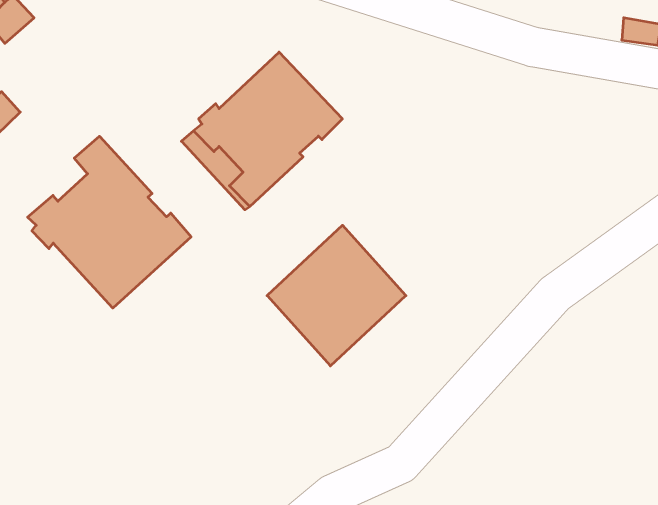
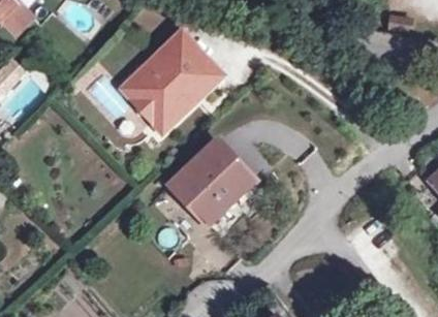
building: [28,136,191,308] -> none

